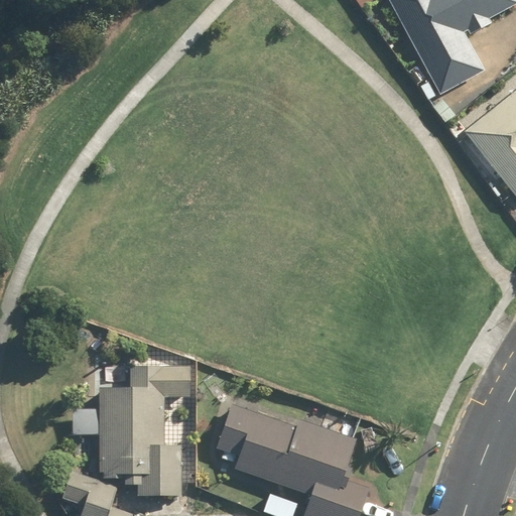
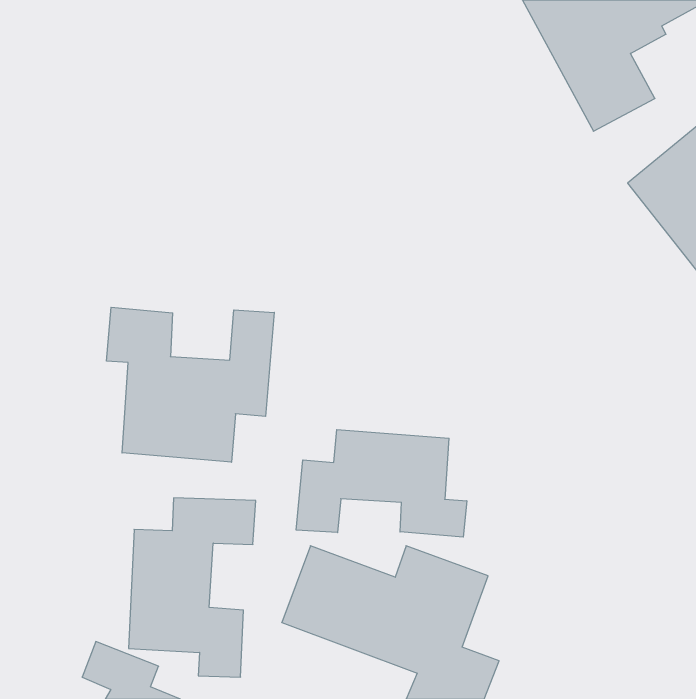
building: none -> [107,307,274,462]
building: none -> [296,430,467,537]

